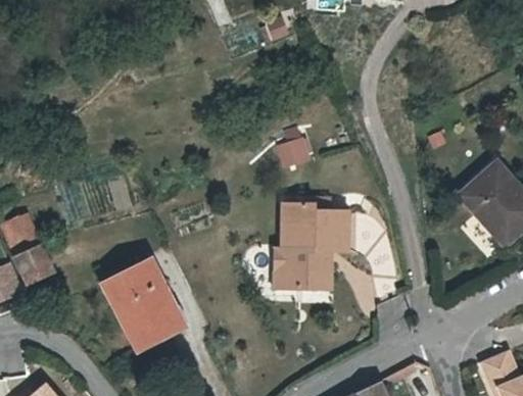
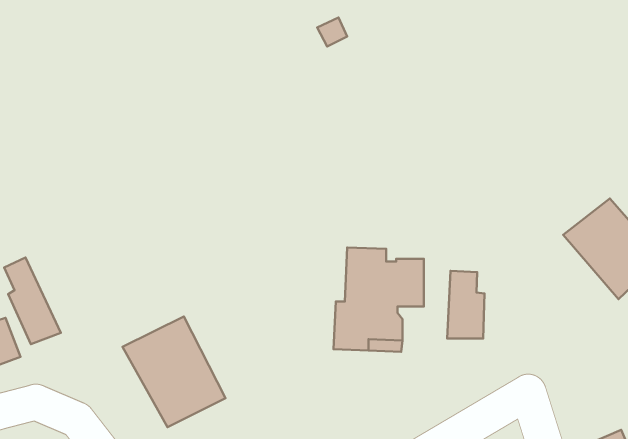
building: [274,136,313,170] -> none
building: none -> [447,271,485,339]

